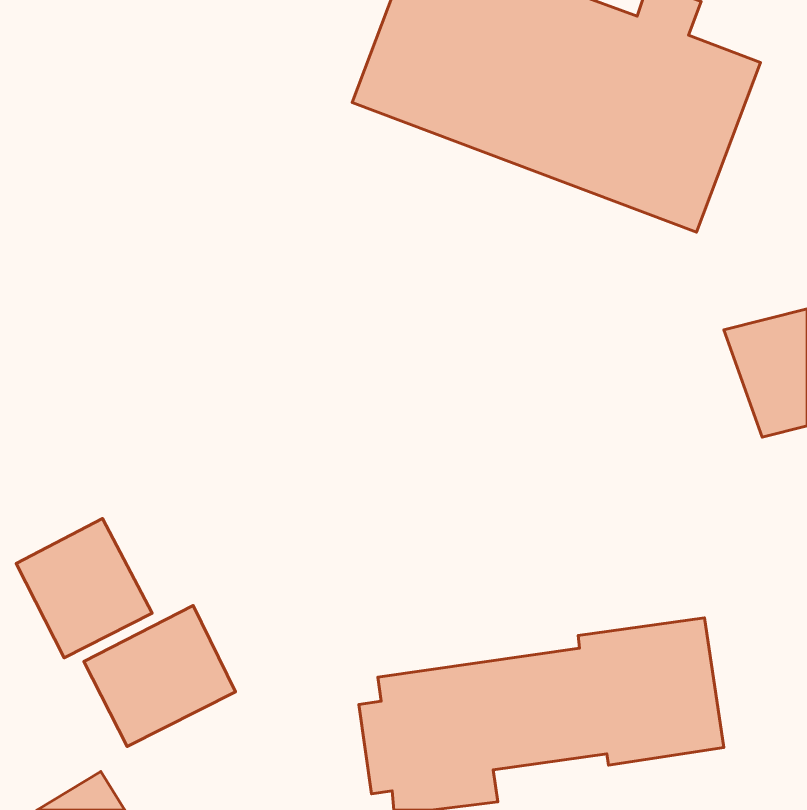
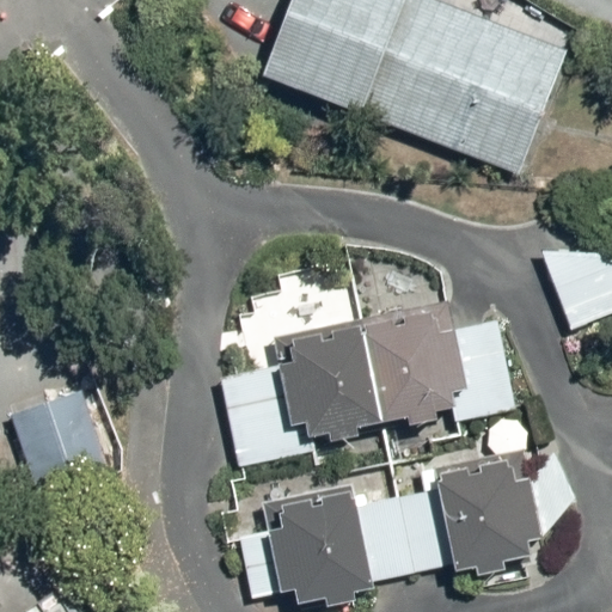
building: none -> [219,310,516,466]
building: [84,606,235,746] -> none

